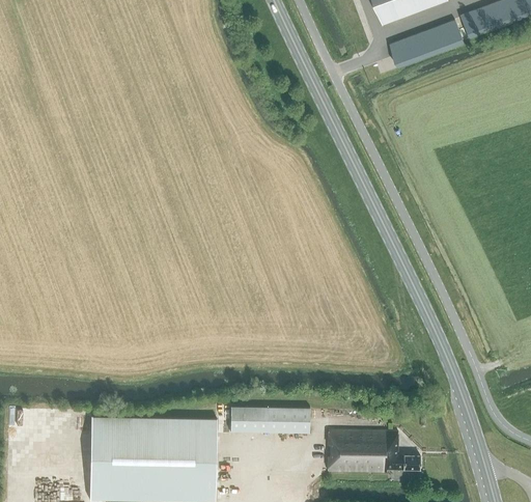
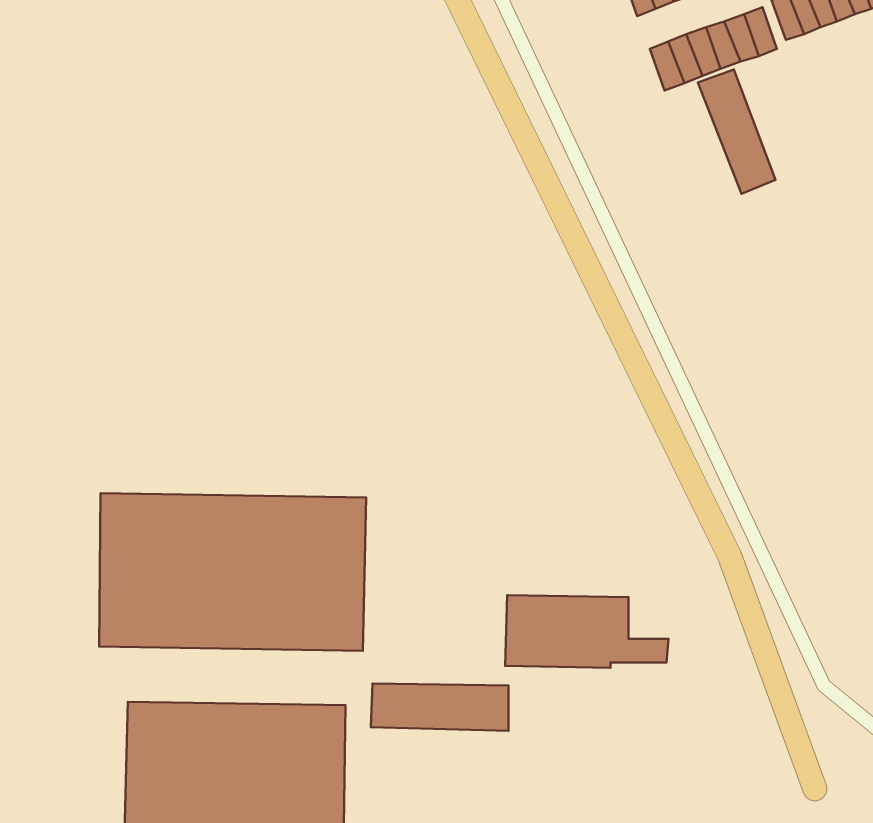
building: none -> [698,70,776,194]
building: none -> [99,493,366,651]
building: [327,430,420,472] -> [505,595,668,668]

